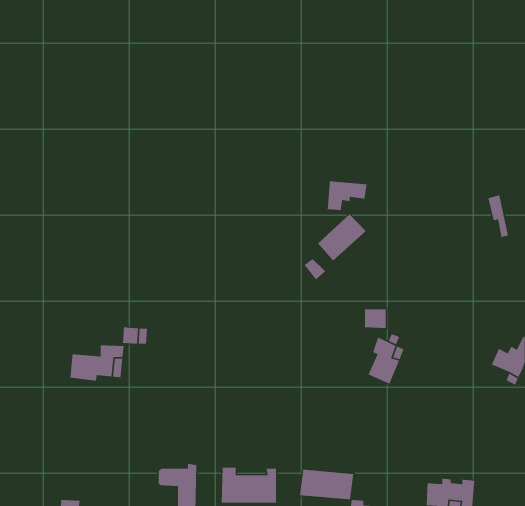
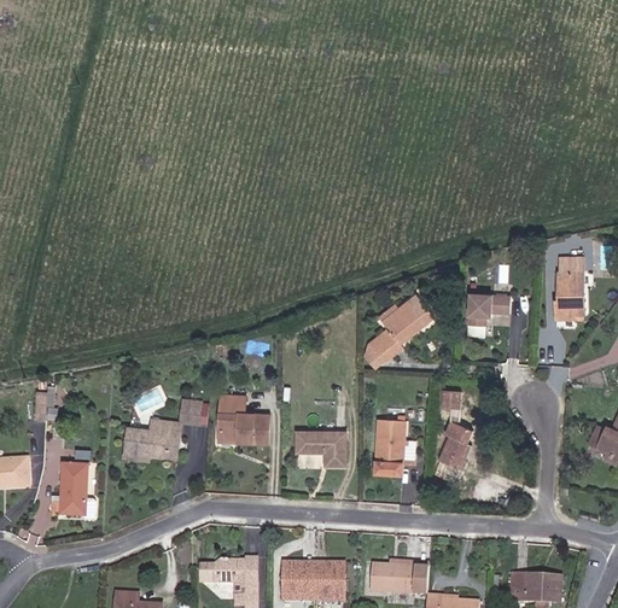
building: [327,181,367,211] -> [466,296,509,328]
building: none -> [554,269,587,328]
building: none -> [221,396,270,444]
building: none -> [375,420,404,475]
building: none -> [295,432,344,464]
building: none -> [57,460,93,516]

